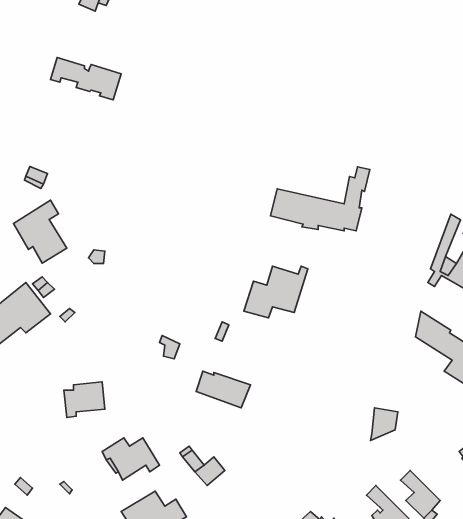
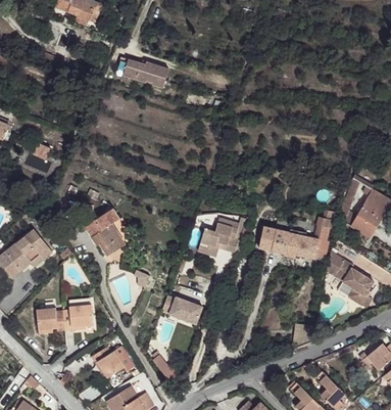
building: [50,58,121,100] -> [115,56,168,88]
building: [270,167,370,231] -> [259,210,334,258]
building: [14,200,67,263] -> [85,208,125,255]
building: none -> [37,307,64,331]

